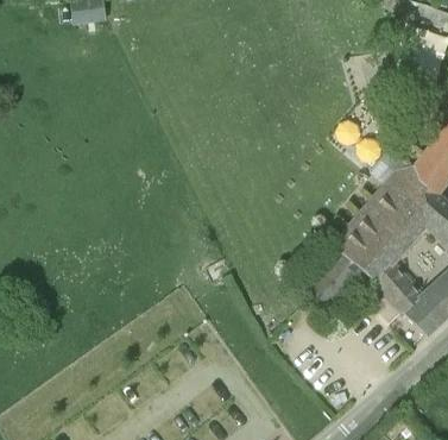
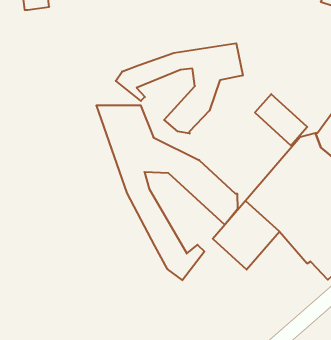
building: none -> [116,43,243,134]
building: none -> [96,105,238,280]

